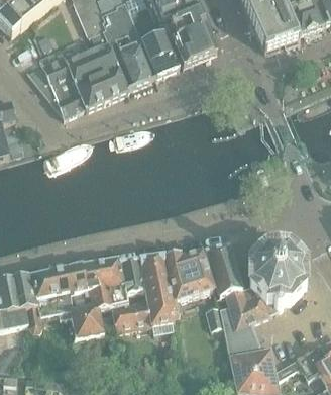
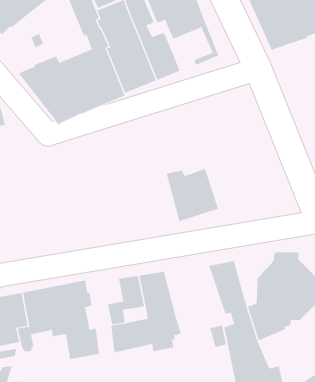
building: [172,27,208,67] -> none
building: [163,251,213,301] -> [166,168,219,222]
building: [90,259,124,310] -> none

